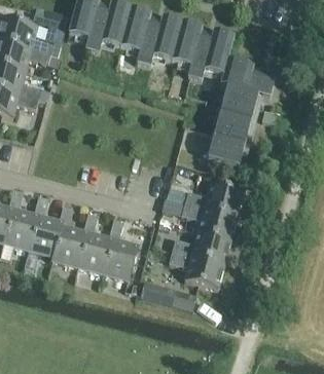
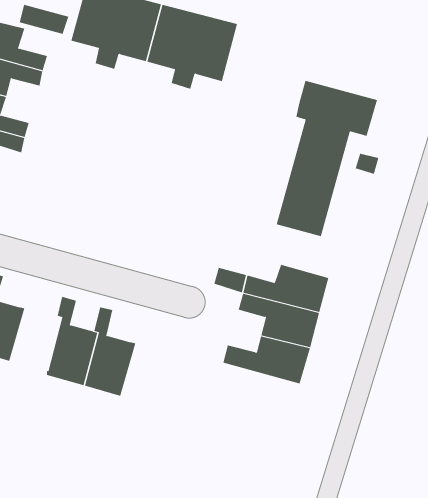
building: [172,22,233,79] -> none
building: [28,196,63,256] -> none
building: [103,219,139,279] -> none
building: [169,251,224,289] -> none
building: [141,280,197,311] -> none

